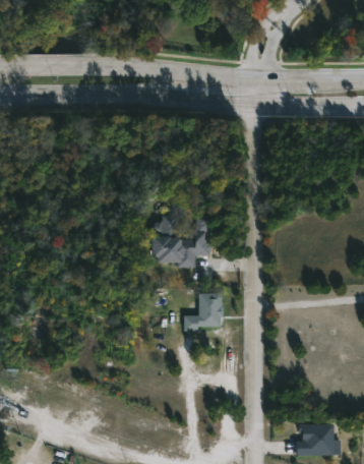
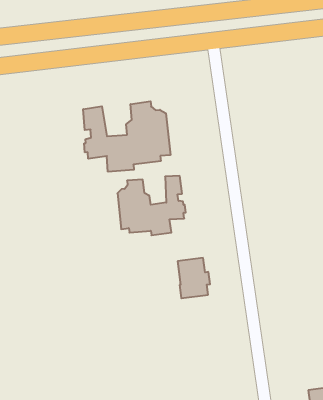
building: none -> [83,101,170,172]

